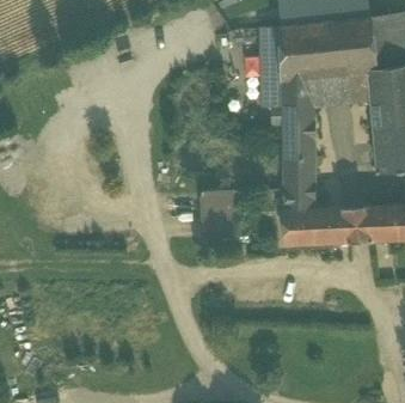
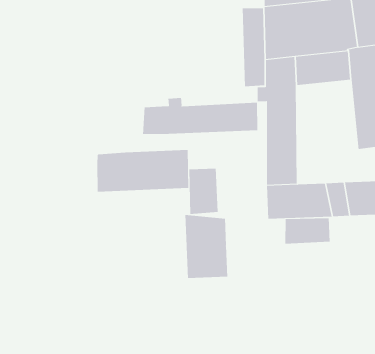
building: none -> [143,97,258,135]
building: none -> [97,149,189,193]
building: none -> [185,214,228,279]
building: none -> [285,217,330,245]

